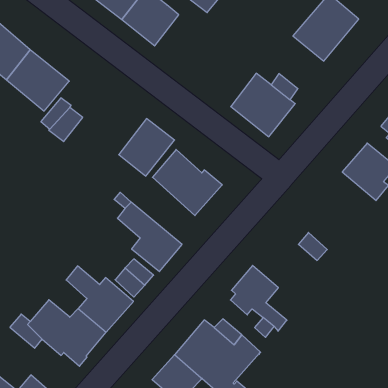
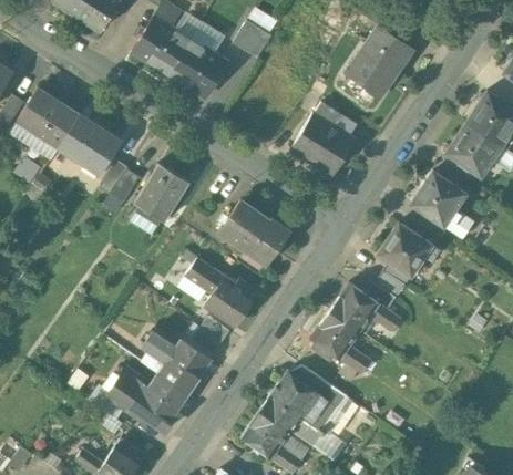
building: [119,119,175,176] -> [135,164,191,223]
building: none -> [378,223,440,276]
building: none -> [330,282,401,331]

